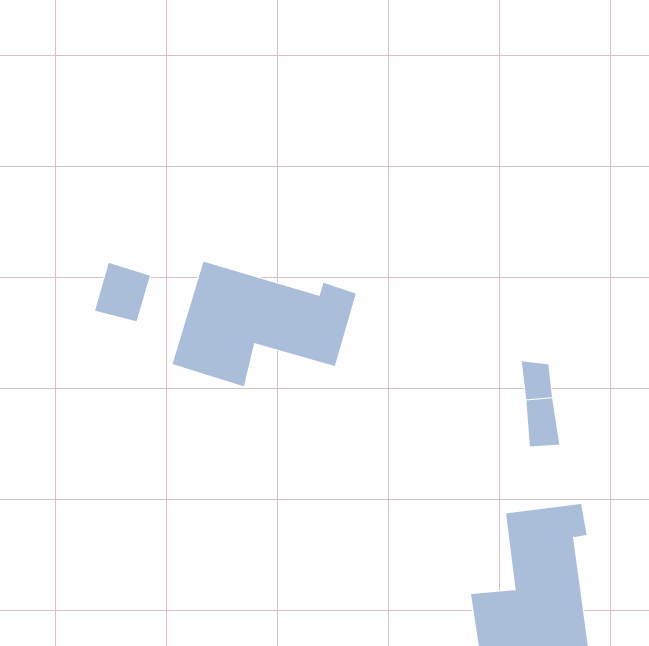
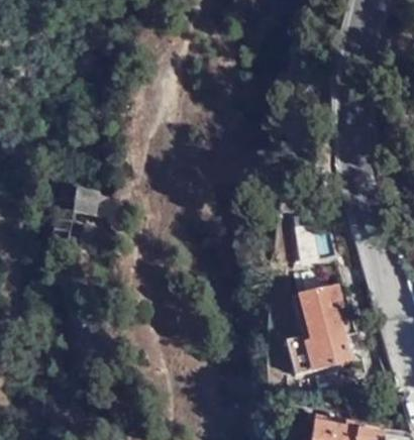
building: [172,261,356,387] -> none

